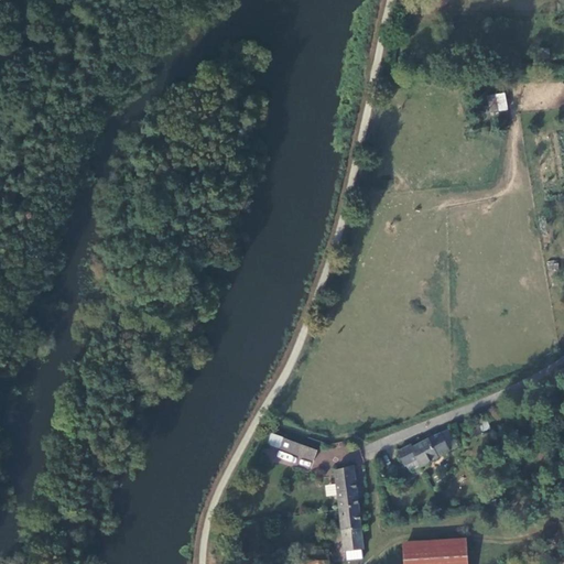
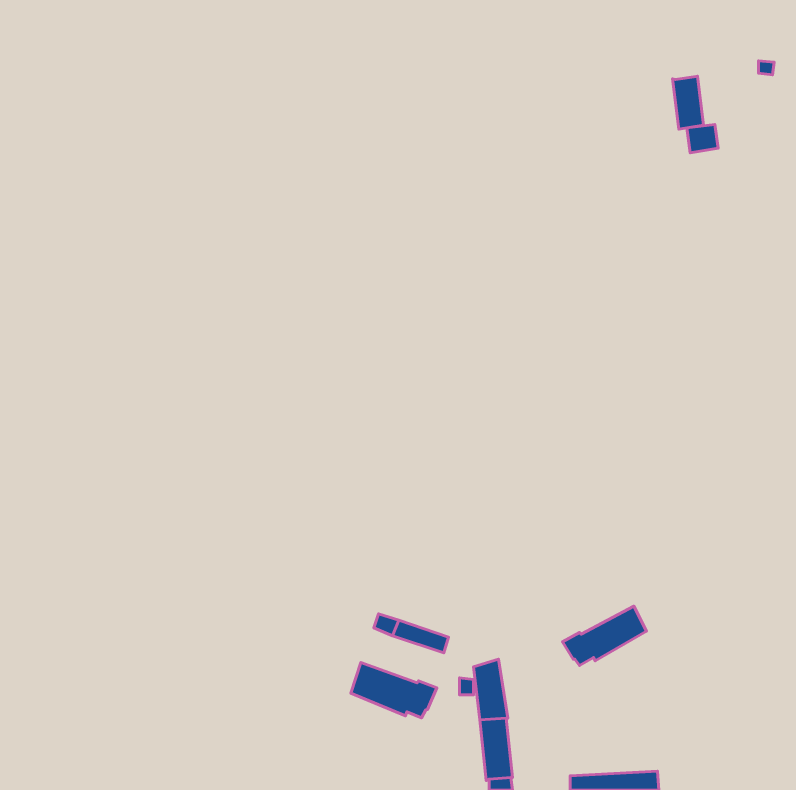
building: none -> [672,76,704,129]
building: none -> [351,663,437,718]

